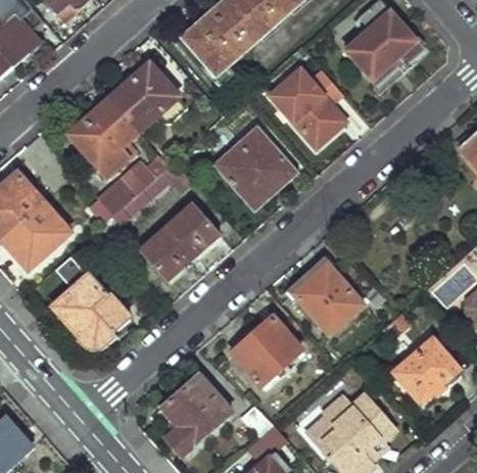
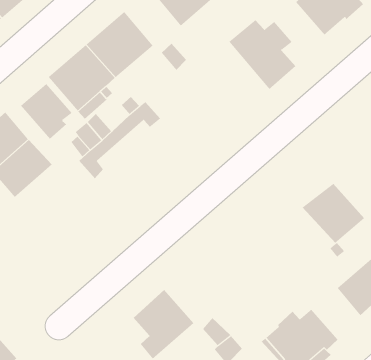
building: [214,128,292,205] -> none
building: none -> [20,83,73,140]
building: [139,201,220,277] -> none
building: [292,264,364,332] -> [302,183,365,244]
building: [53,272,129,340] -> none
building: [233,316,298,388] -> none

